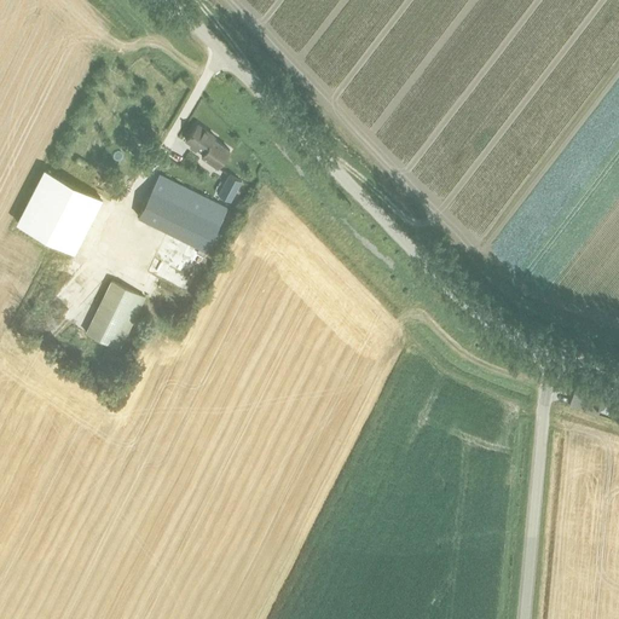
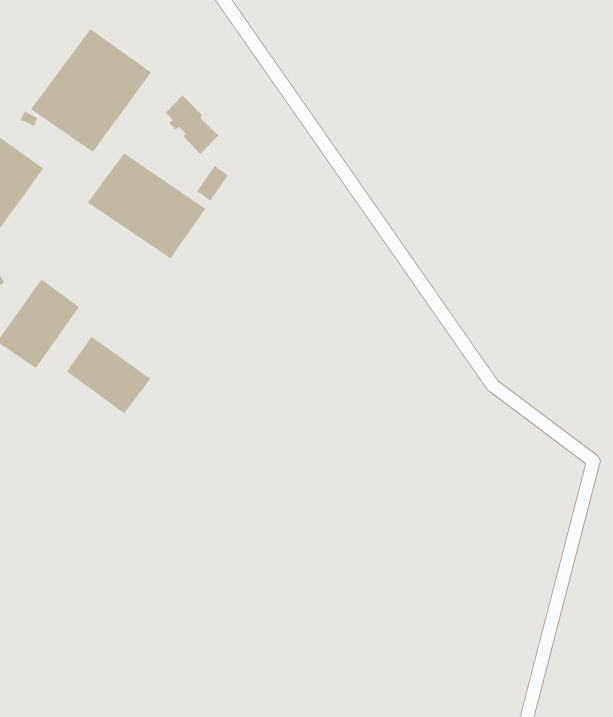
building: none -> [30,28,152,153]
building: none -> [66,336,151,414]

